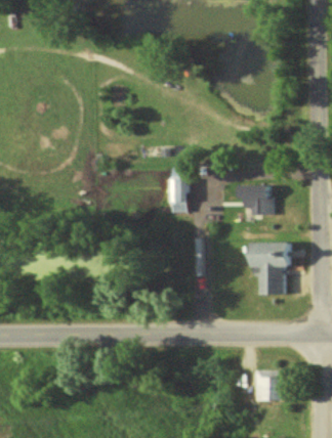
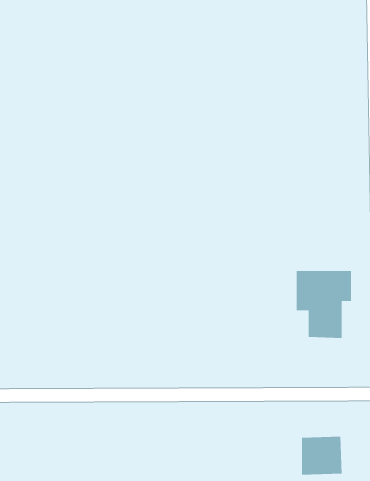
building: [170,168,186,213] -> none
building: [240,185,273,215] -> none

